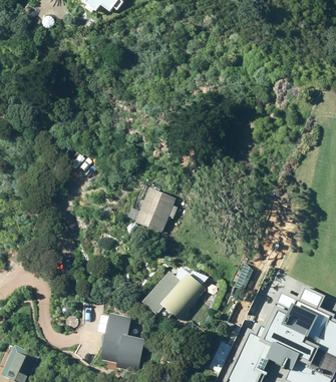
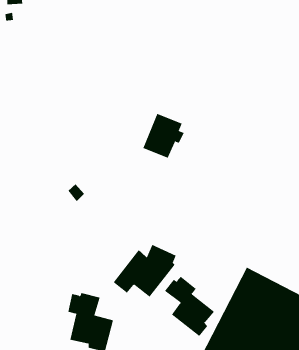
building: [135,185,177,230] -> [142,113,185,159]
building: none -> [164,276,215,337]

